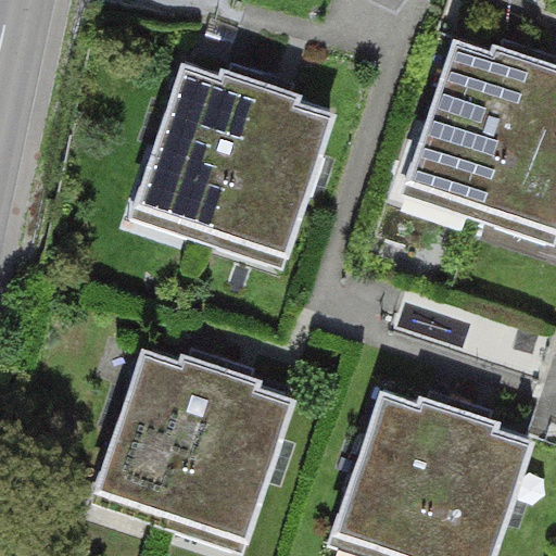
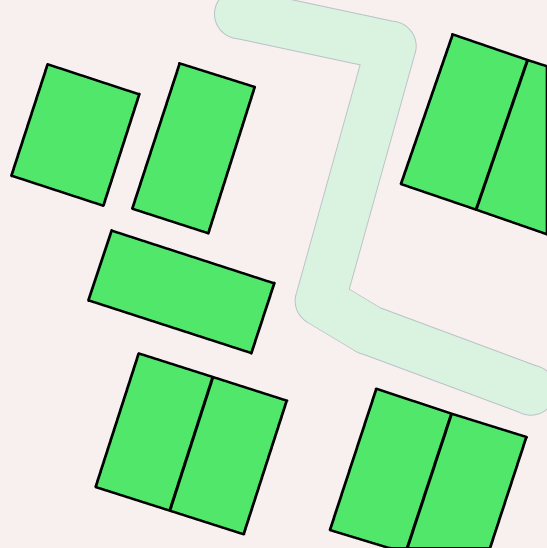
building: none -> [12,64,139,206]
building: [211,88,334,260] -> none
building: none -> [89,230,274,353]

